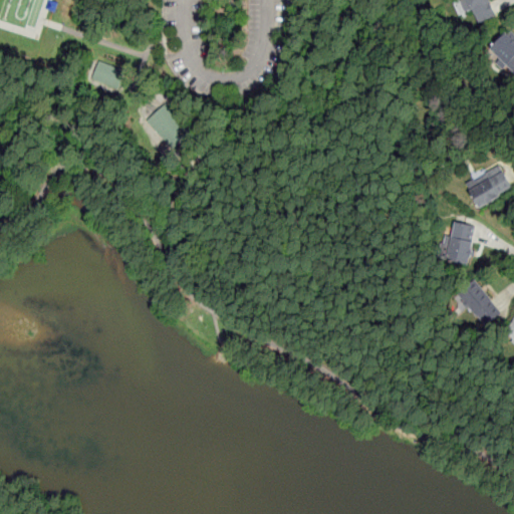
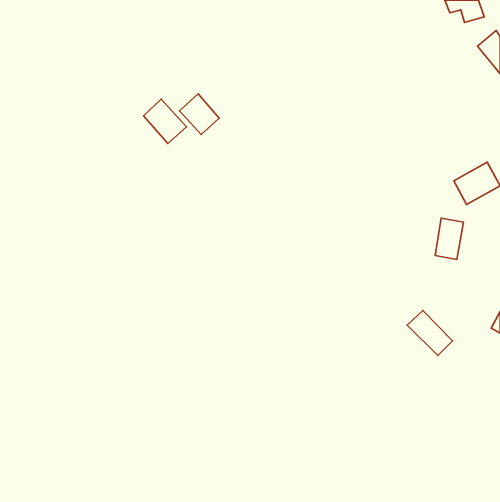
building: [92,58,124,86] -> none
building: none -> [179,94,219,135]
building: [455,279,501,325] -> [407,310,452,356]

